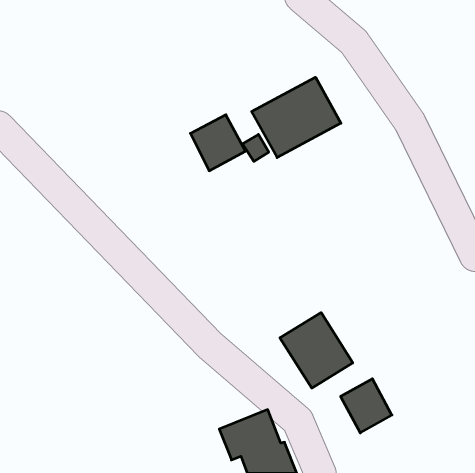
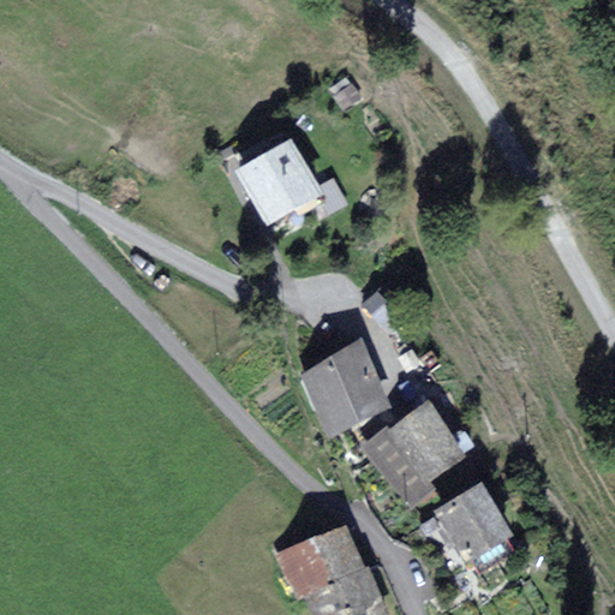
building: [252,77,341,158] -> none
building: none -> [303,348,386,430]

